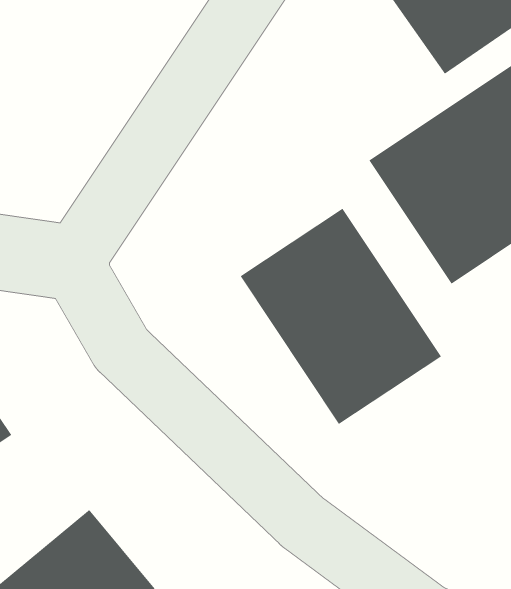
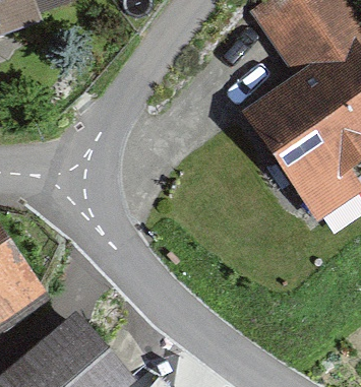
building: [240,208,442,425] -> none

